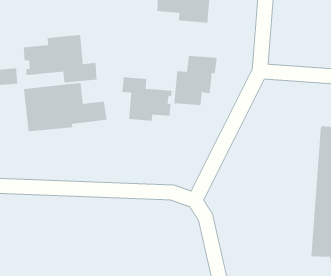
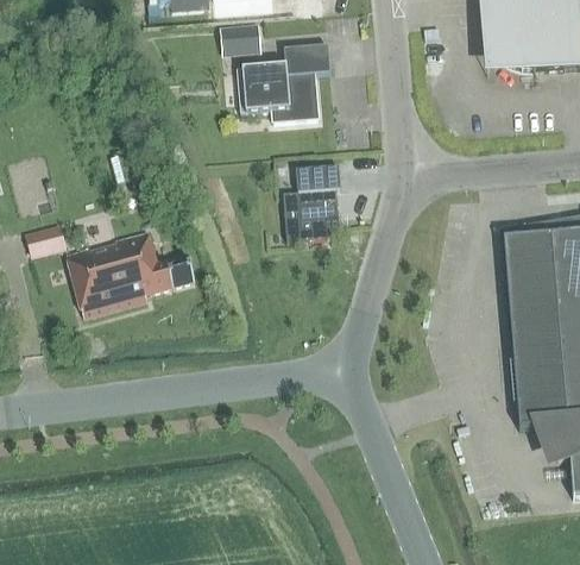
building: [23,34,97,83] -> none
building: [122,76,172,121] -> none

